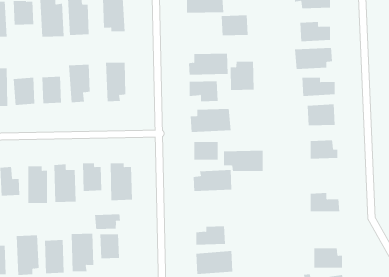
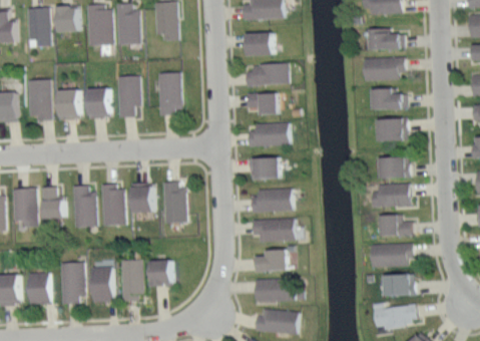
building: [221,15,248,36] -> [246,32,276,55]
building: [230,61,254,91] -> none
building: [223,150,264,172] -> [252,218,296,241]
building: none -> [370,182,411,207]
building: [95,213,120,230] -> none
building: none -> [369,242,413,267]

